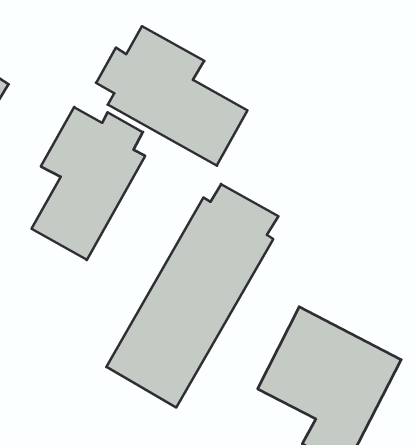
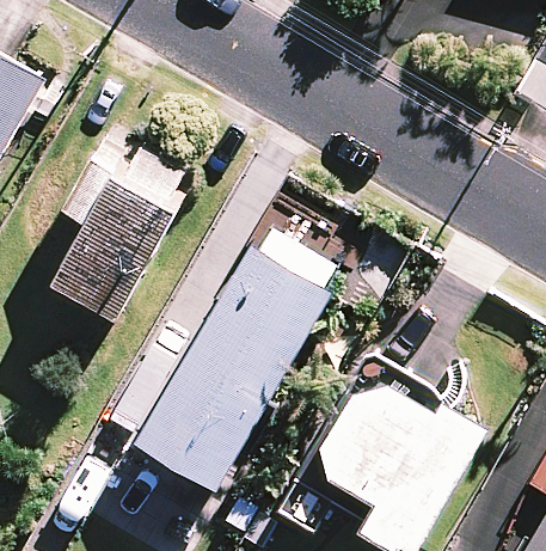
building: [96,26,247,166] -> none

